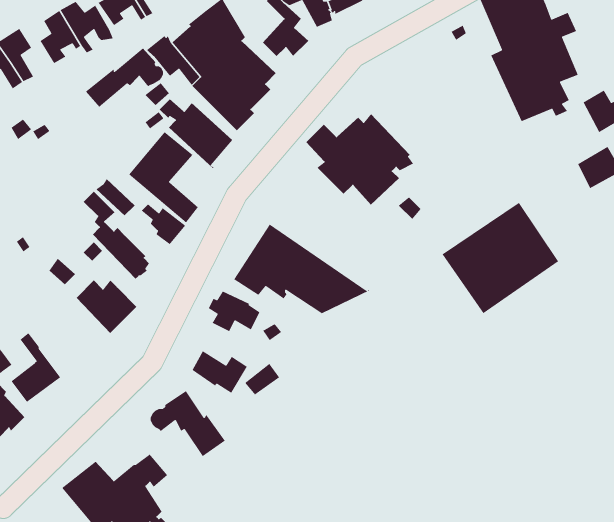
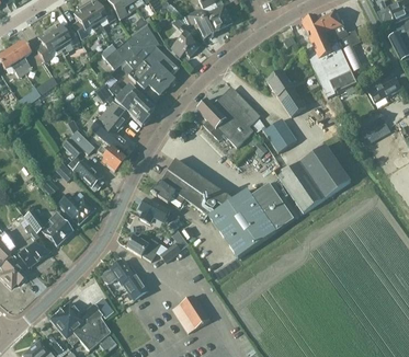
building: [85,47,164,108] -> none
building: none -> [266,70,306,116]
building: none -> [253,118,296,152]
building: none -> [206,183,294,257]
building: none -> [23,209,71,245]
building: none -> [172,295,209,332]

